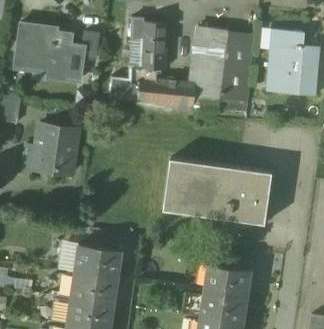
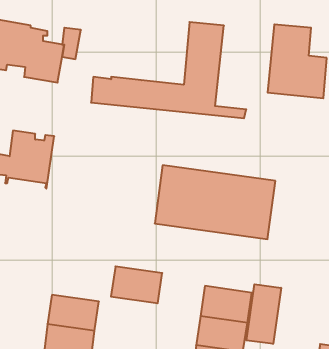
building: [126,17,165,79] -> none
building: [219,30,254,105] -> none
building: [73,244,119,277] -> [111,266,162,303]
building: none -> [246,284,281,344]

